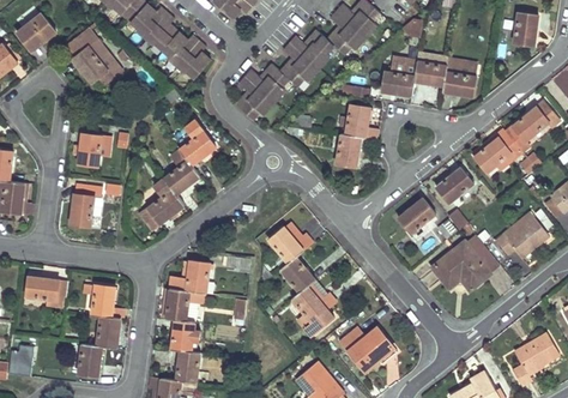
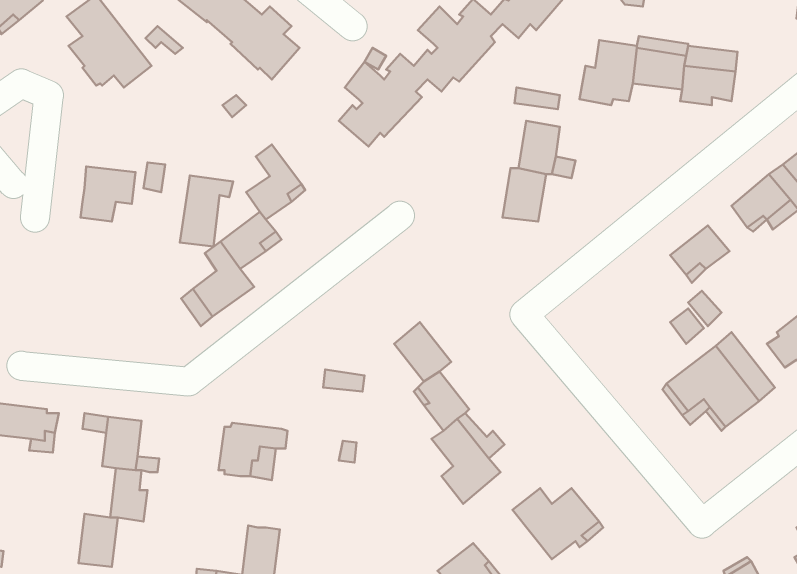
building: [70,182,102,225] -> [180,176,233,247]
building: [398,198,434,233] -> none
building: [170,260,210,291] -> none
building: [171,320,194,351] -> none

